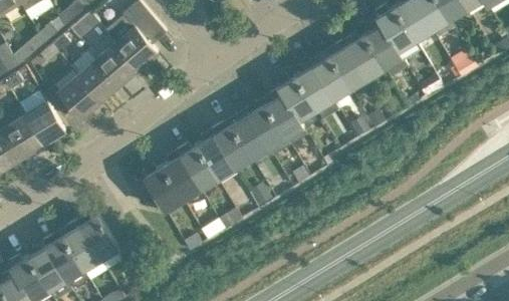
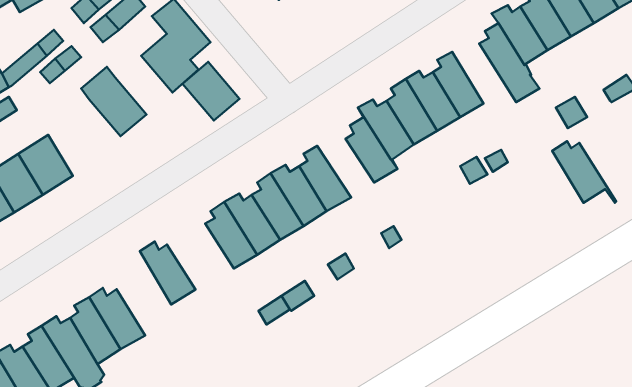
building: [344,34,392,79] -> [552,141,616,203]
building: [96,44,139,87] -> [182,62,240,121]
building: [48,76,100,119] -> none
building: [245,103,287,148] -> none
building: [143,166,184,212] -> [140,242,196,304]

